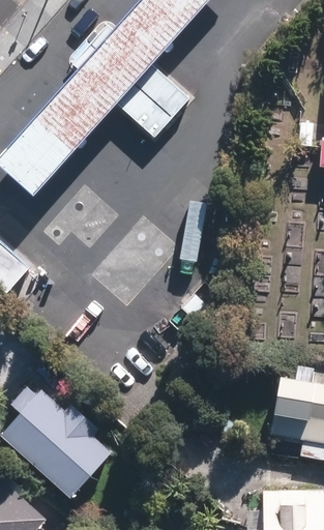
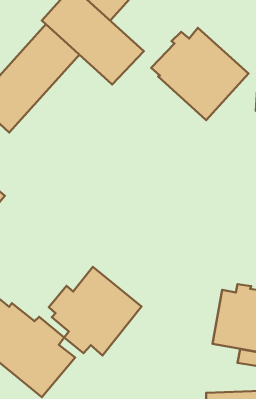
building: none -> [151,28,249,120]
building: none -> [49,267,142,355]

